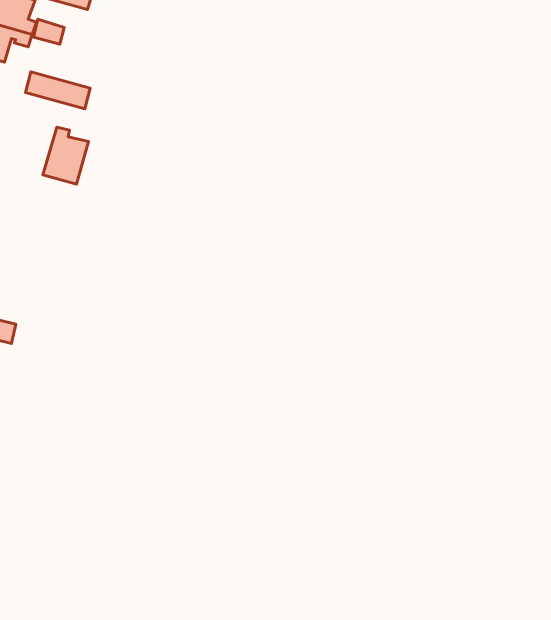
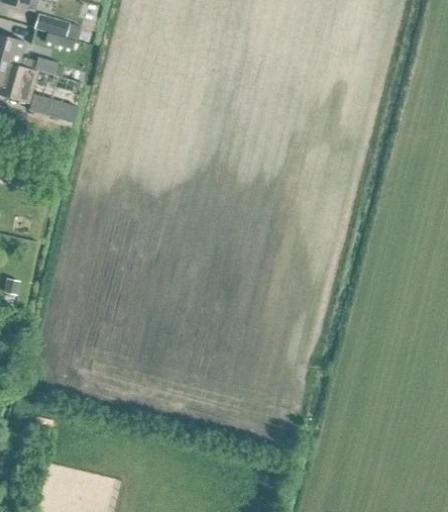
building: [43,127,88,184] -> none

